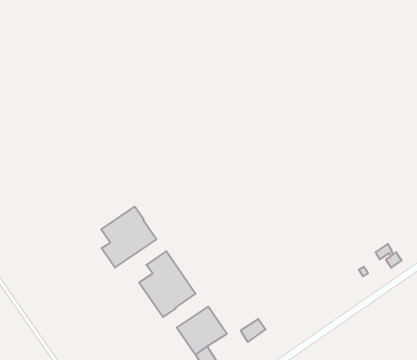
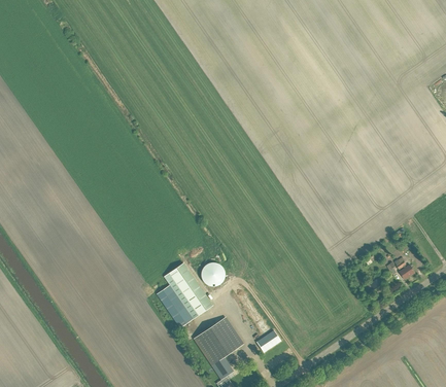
building: [101,207,156,268] -> none
building: none -> [201,261,225,286]

